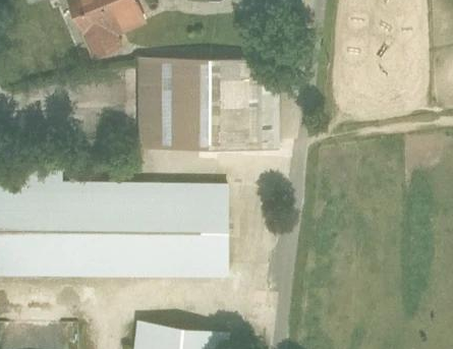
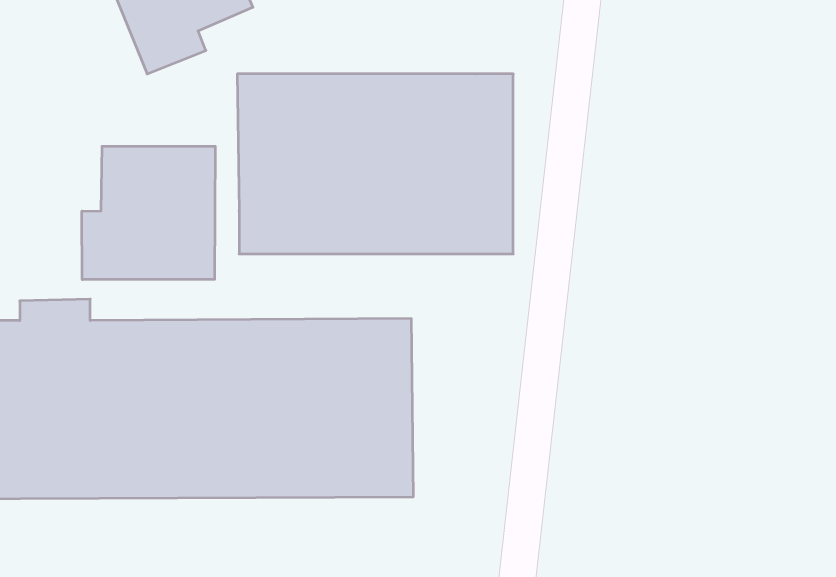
building: none -> [82,146,215,280]

